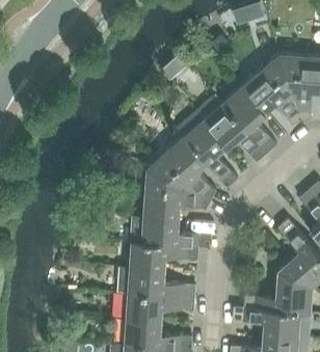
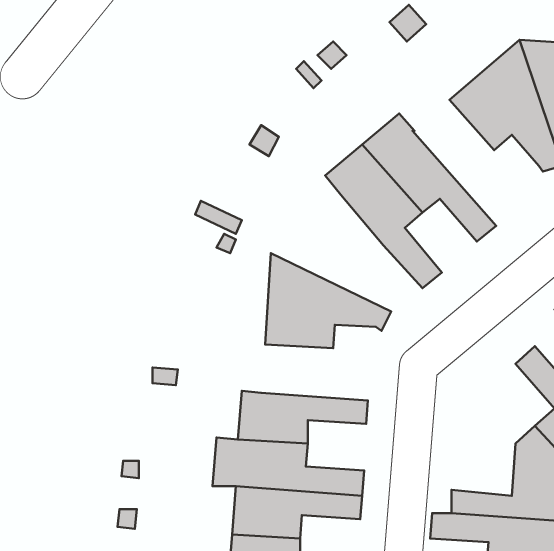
building: [222,87,276,155] -> none
building: [146,138,216,200] -> none
building: [131,218,210,248] -> none

